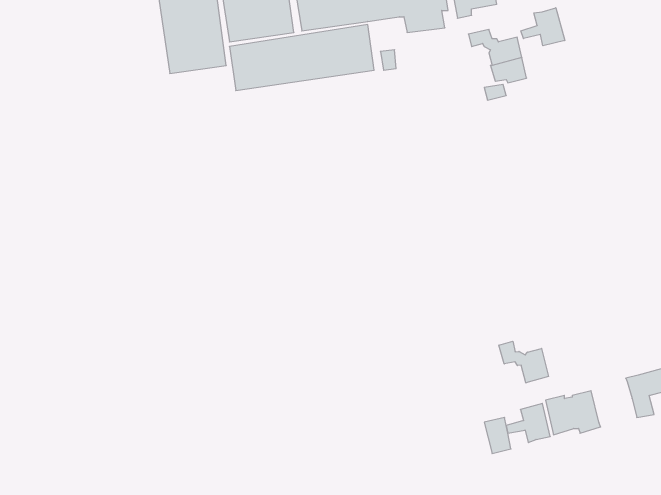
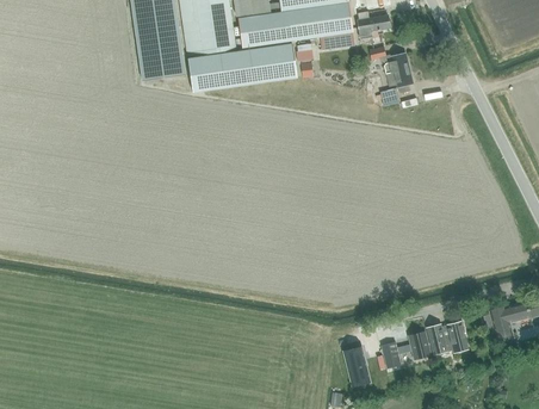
building: [521,8,565,46] -> none
building: [499,341,548,383] -> none
building: none -> [345,347,371,386]

